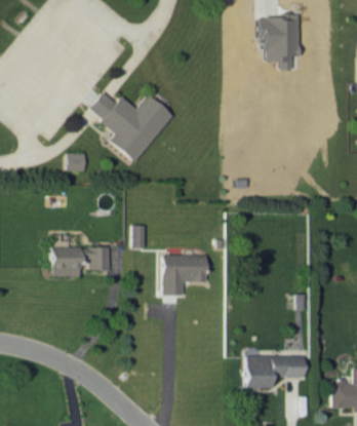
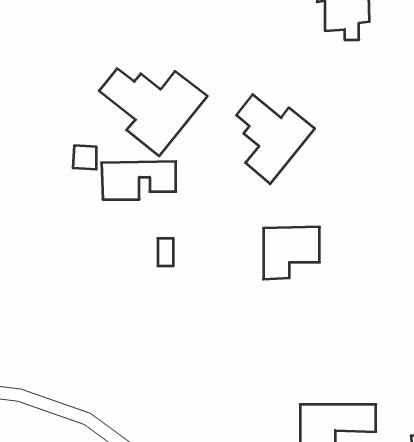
building: none -> [236,94,315,184]
building: [51,246,110,276] -> [101,161,176,199]
building: [163,255,207,296] -> [263,227,320,279]

